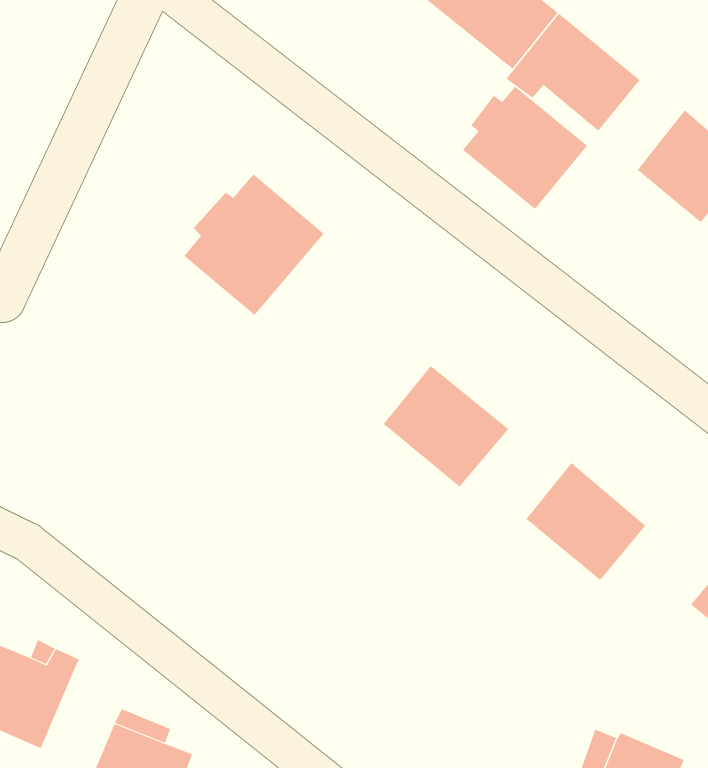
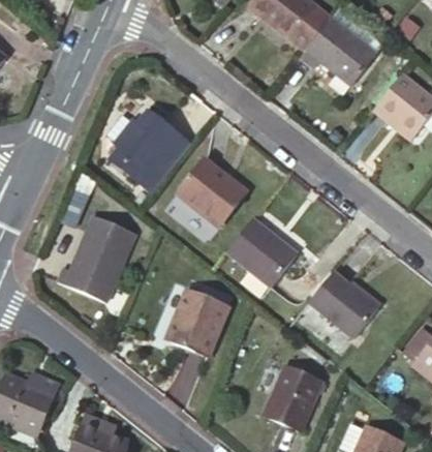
building: [462,86,588,210] -> none
building: none -> [183,157,252,225]
building: none -> [60,209,140,297]
building: none -> [166,288,230,362]
building: none -> [266,366,321,430]

